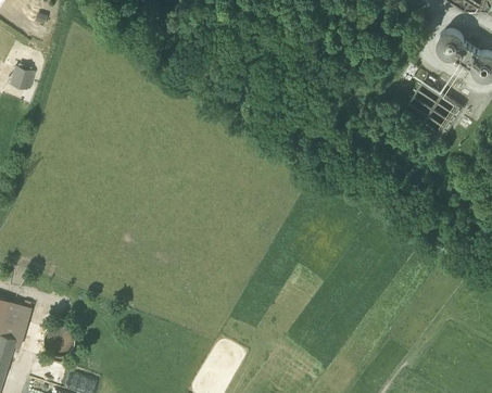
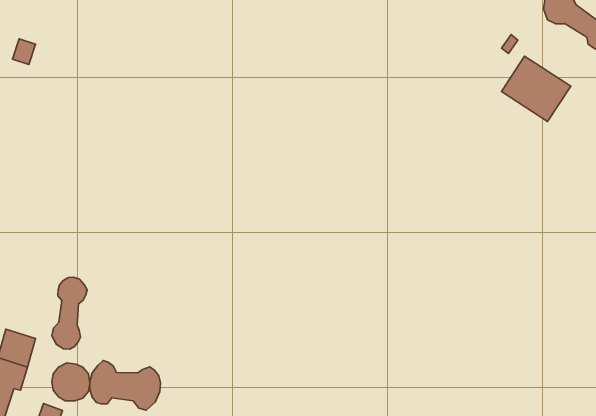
building: none -> [52,277,87,349]
building: none -> [90,361,161,410]

